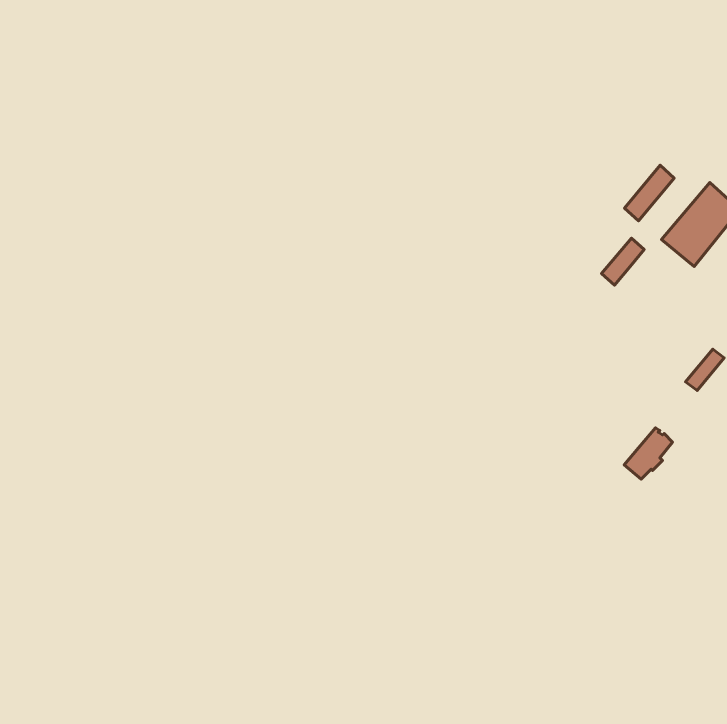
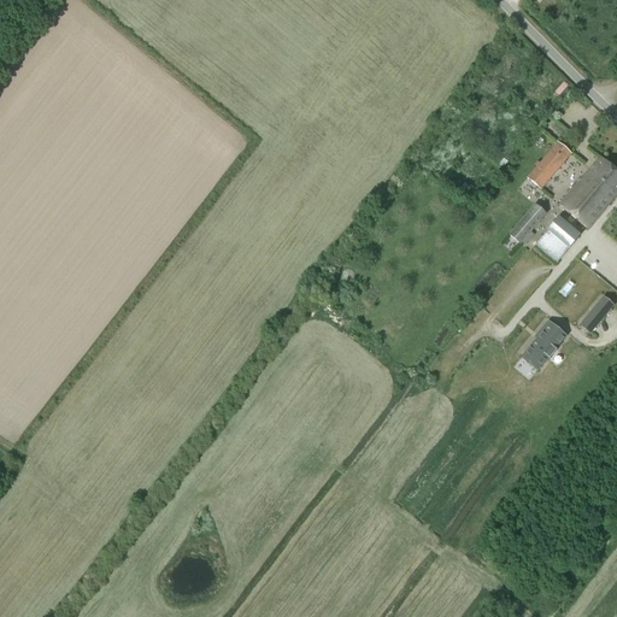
building: none -> [536,216,578,259]
building: [624,428,673,479] -> [525,321,566,364]

